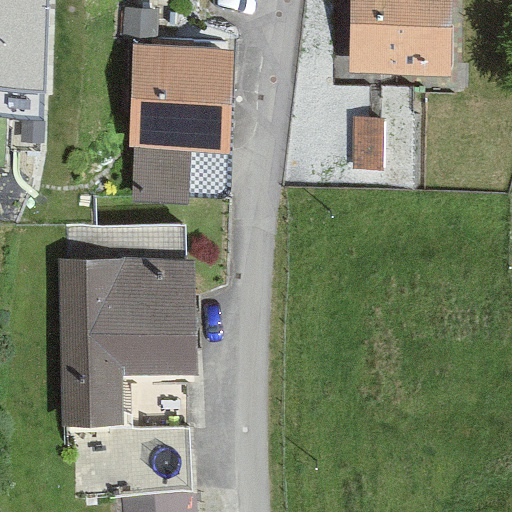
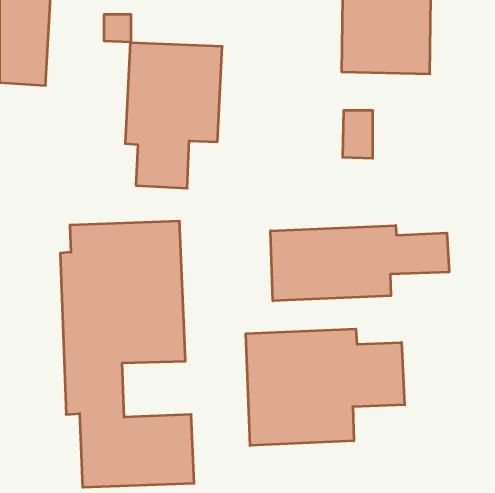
building: none -> [271,225,449,301]
building: none -> [246,329,405,446]

